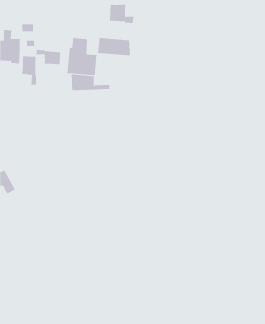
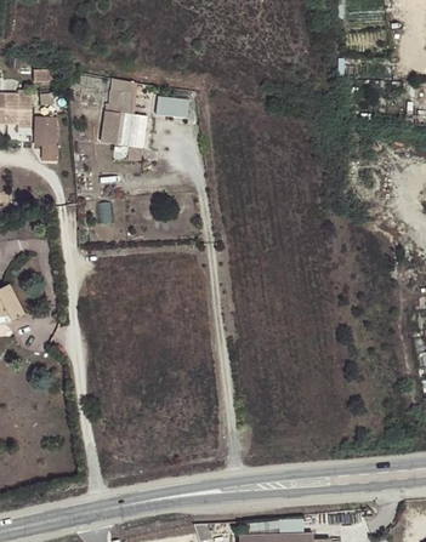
building: [110,4,134,24] -> none
building: [36,49,61,65] -> none

